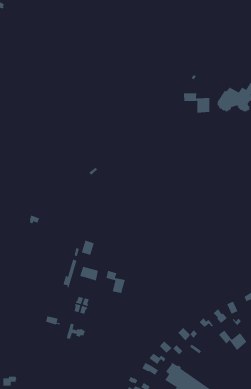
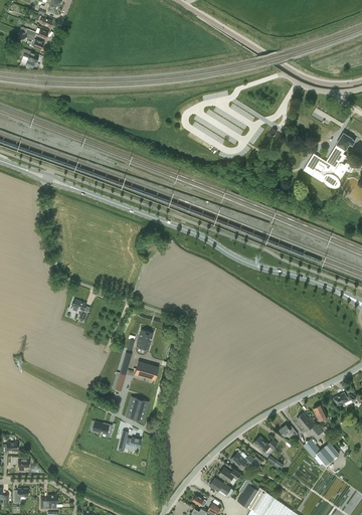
building: [183,93,210,113] -> none
building: [105,270,126,294] -> none

